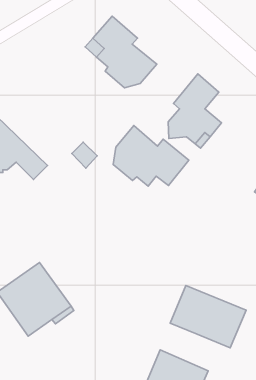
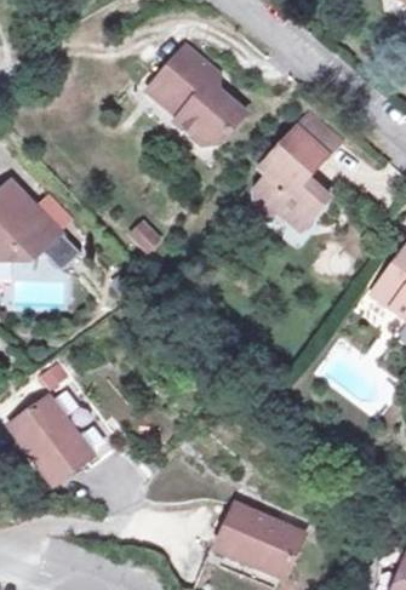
building: [113,125,189,186] -> none
building: [170,286,246,348] -> none

